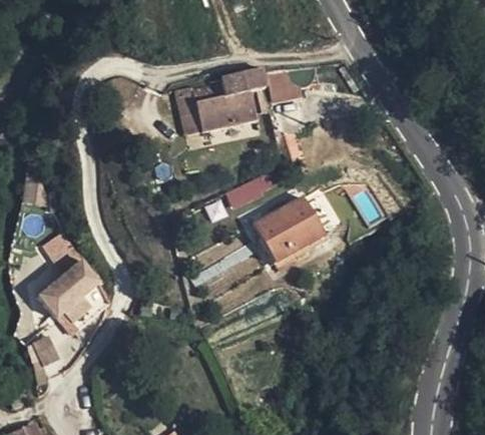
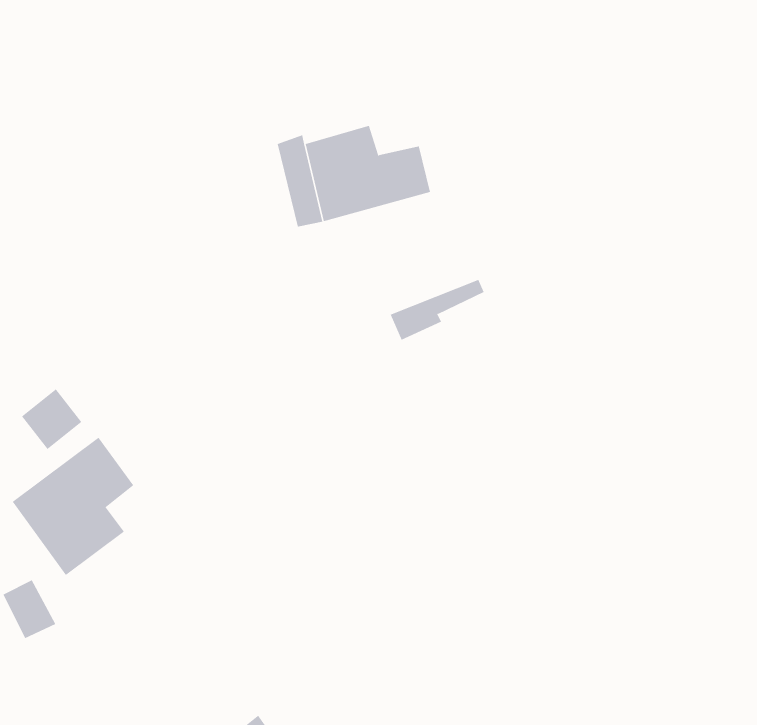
building: [268,71,308,102] -> none
building: [224,72,268,105] -> none
building: [250,188,321,255] -> none

